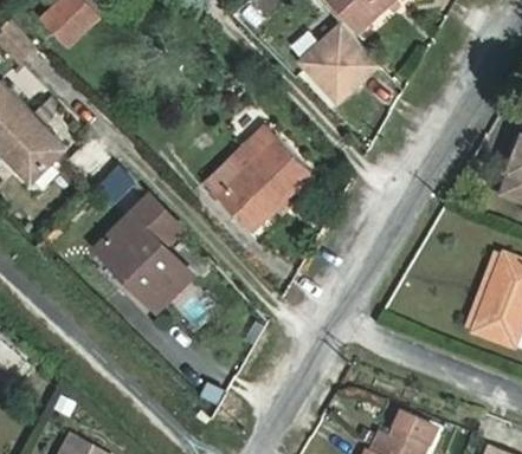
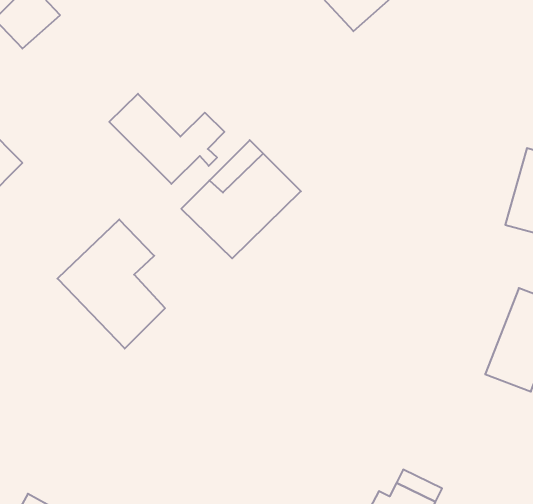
building: [294,20,379,104] -> none
building: none -> [109,94,224,184]

